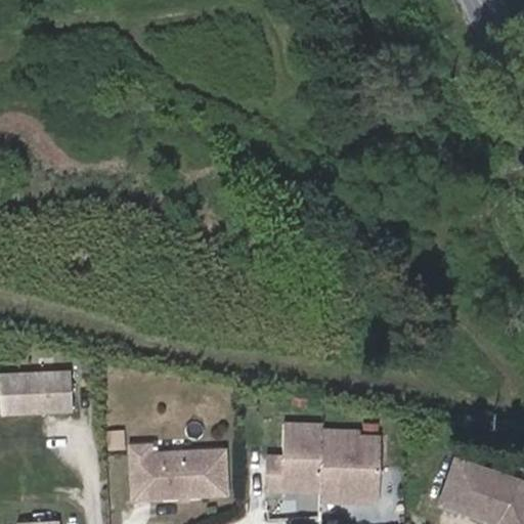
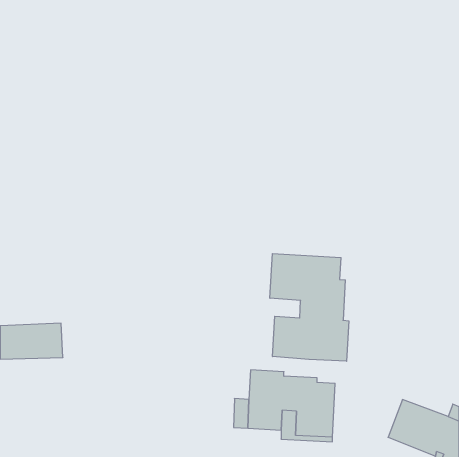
building: none -> [270,254,349,361]
building: [131,445,225,497] -> none

